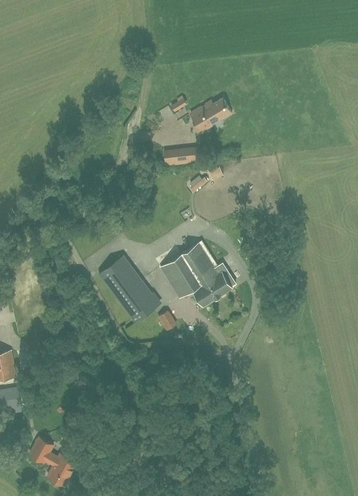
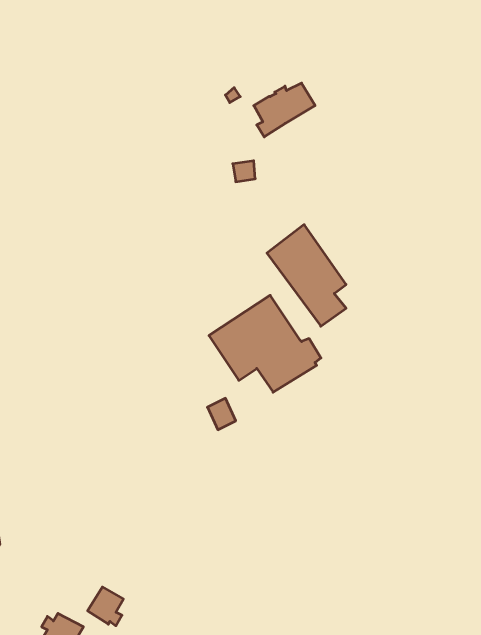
building: [98,255,151,323] -> [267,225,346,326]
building: [29,437,53,463] -> [88,587,123,626]

